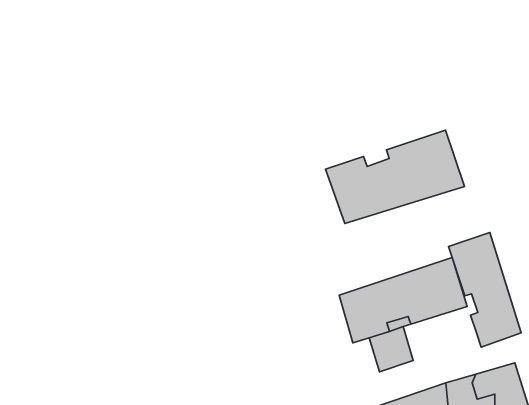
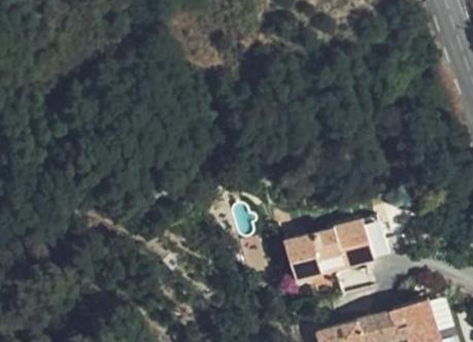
building: [326,130,465,224] -> none
building: [448,233,521,347] -> none

